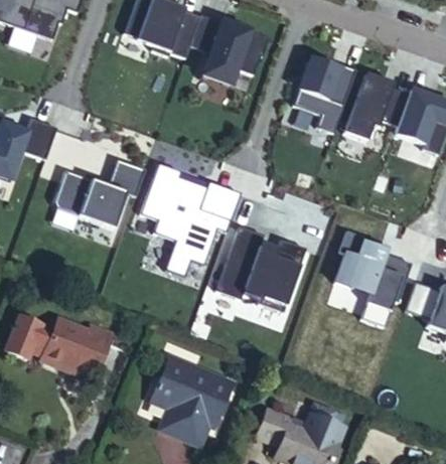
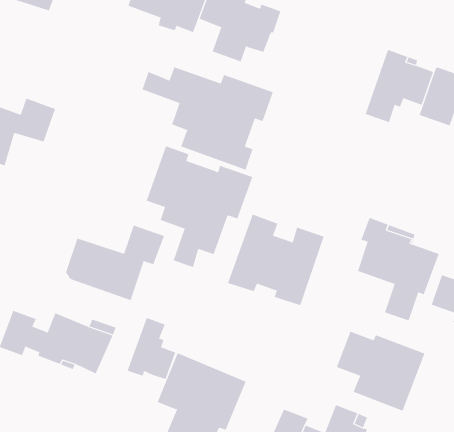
building: [294,58,356,133] -> none
building: none -> [142,66,274,170]
building: [53,158,146,228] -> [65,225,165,301]
building: none -> [127,317,176,380]
building: none -> [336,331,425,412]

